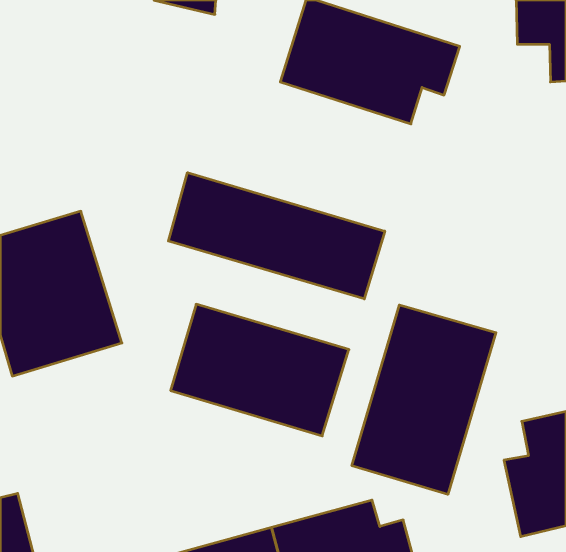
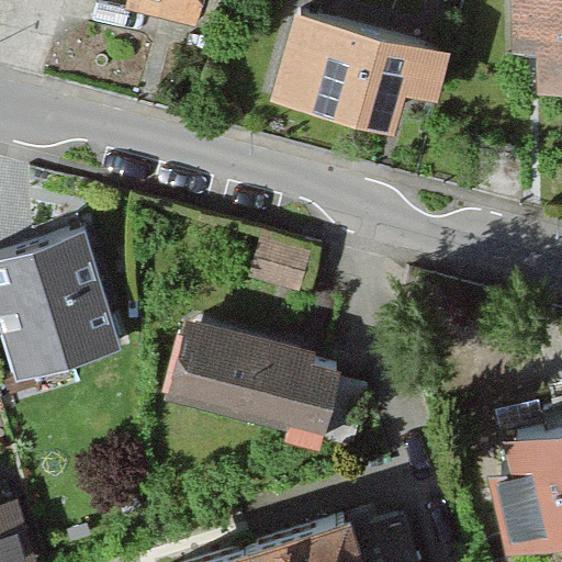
building: [168,173,385,299] -> none
building: [352,305,496,494] -> none

